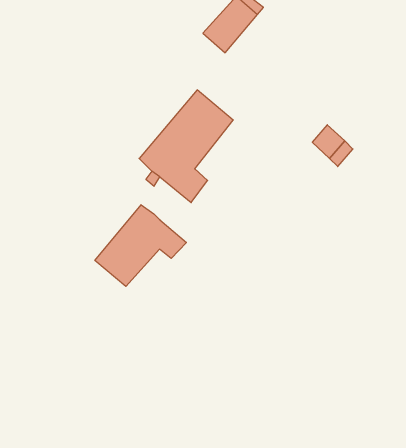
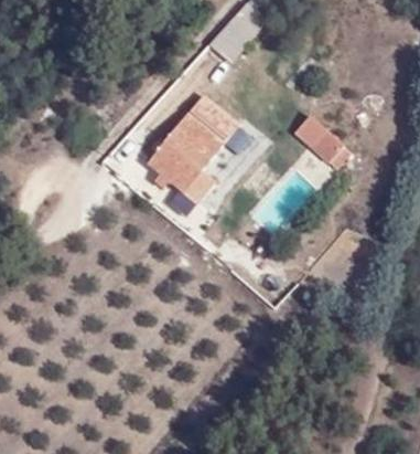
building: [95,205,186,286] -> none

